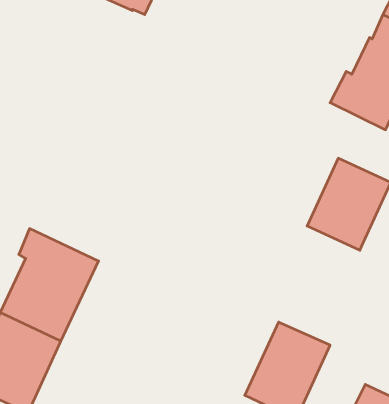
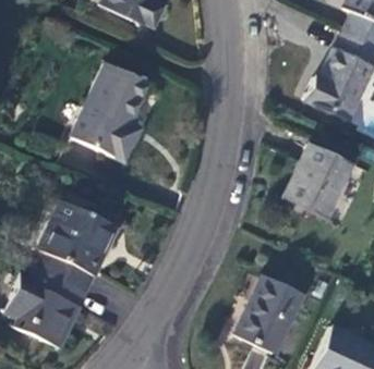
building: none -> [72,63,149,162]

